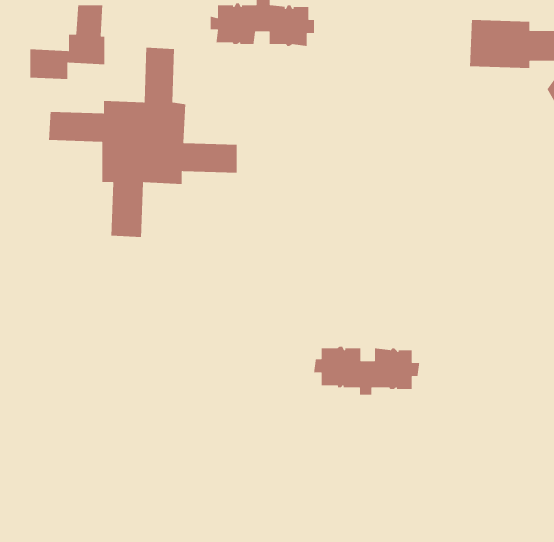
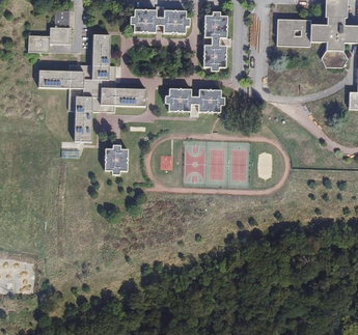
building: none -> [203,11,231,71]
building: none -> [104,144,128,174]
building: [313,346,420,395] -> [164,87,224,115]

